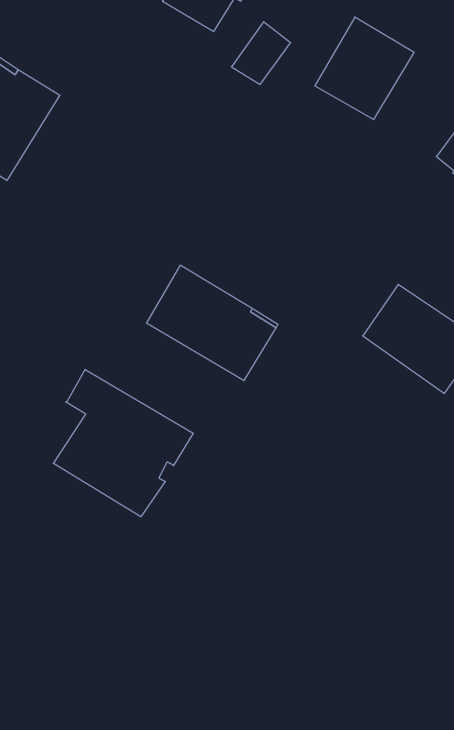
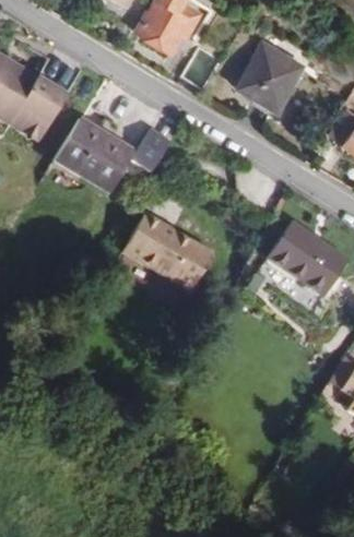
building: none -> [54,118,170,192]
building: [53,369,193,517] -> none

